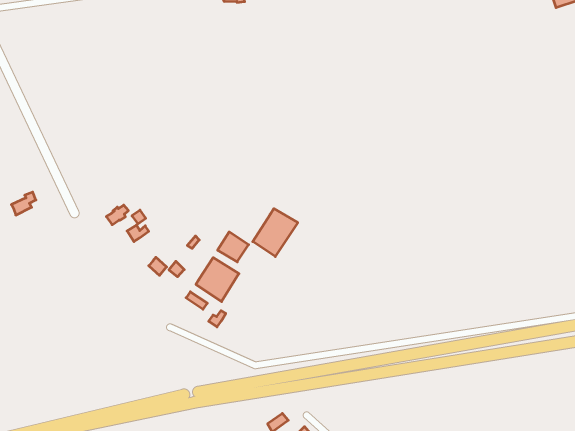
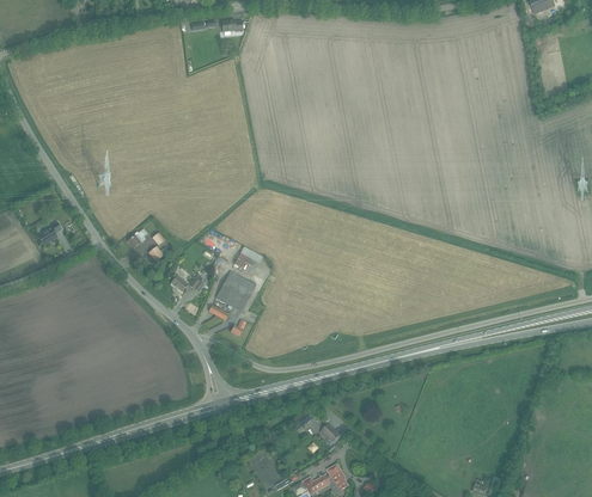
building: [253,209,298,257] -> none

